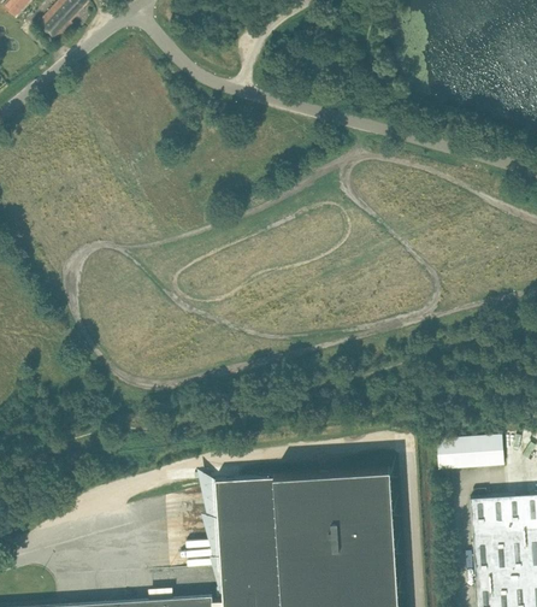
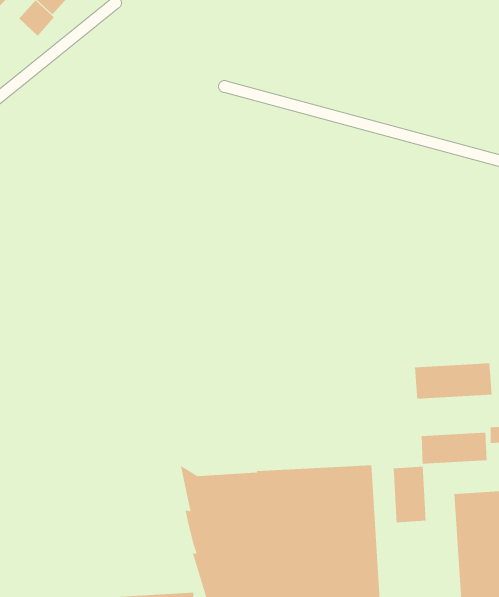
building: none -> [414,363,493,400]
building: none -> [393,466,427,523]

